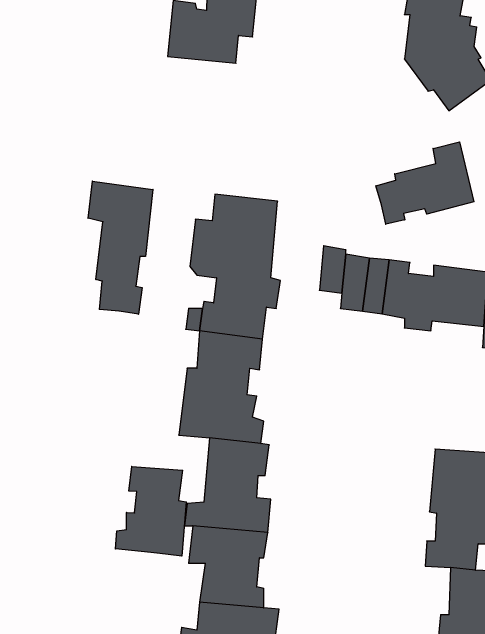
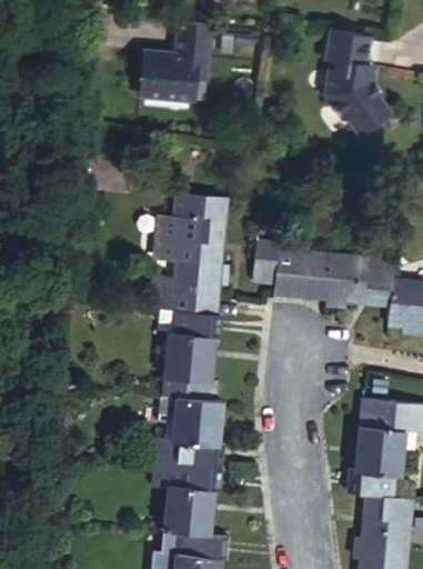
building: [376,142,474,224] -> none
building: [88,181,153,314] -> none
building: [115,466,186,556] -> none

